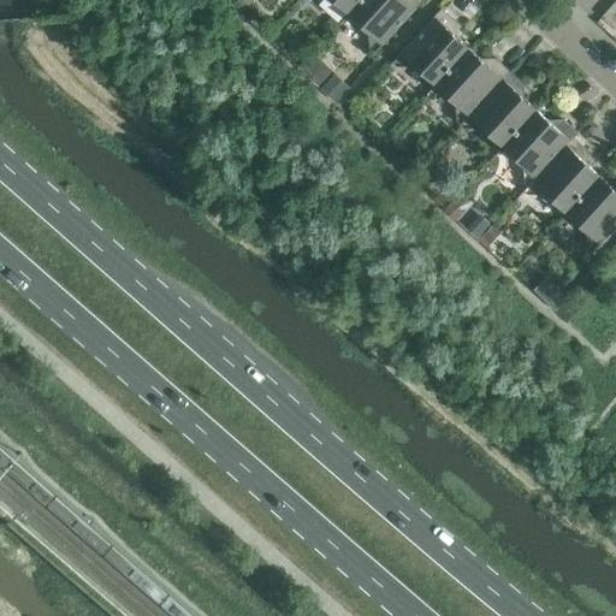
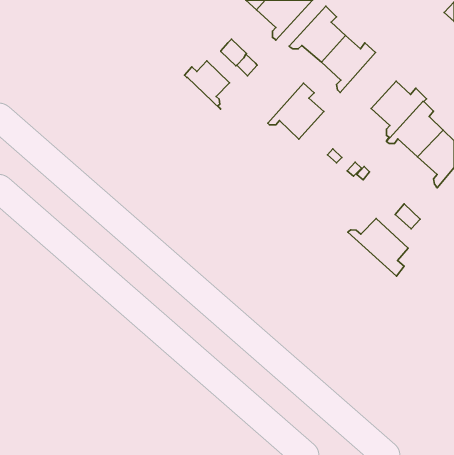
building: [460,71,535,147] -> [268,83,324,139]
building: none -> [184,61,230,109]
building: none -> [348,219,408,276]

